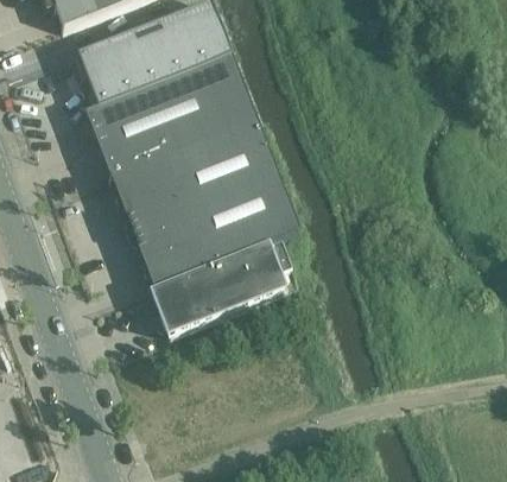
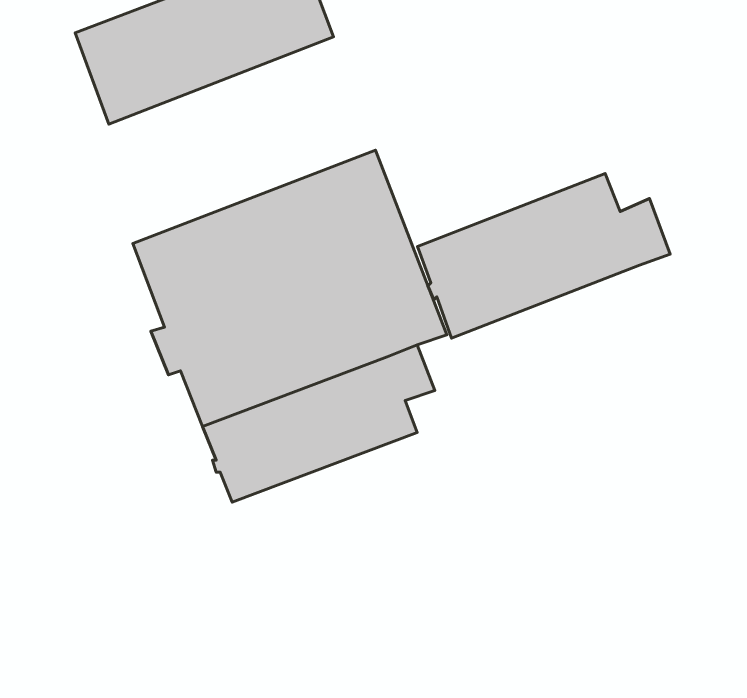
building: [85,52,256,176] -> none
building: none -> [417,173,670,338]

